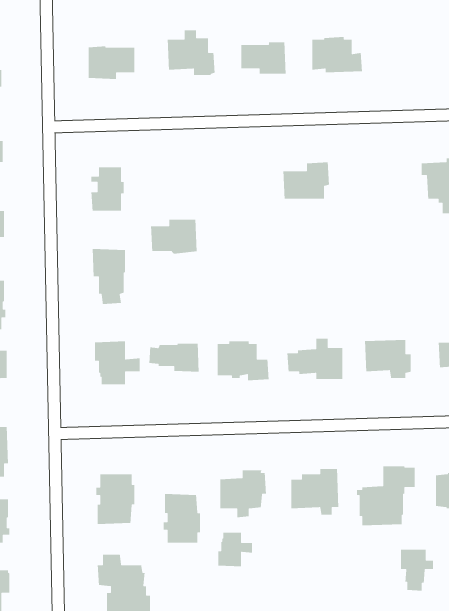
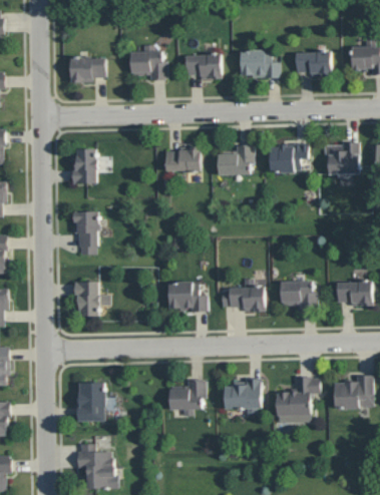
building: none -> [295,51,331,76]
building: none -> [269,143,307,173]
building: [150,219,197,254] -> [164,146,201,173]
building: [148,343,200,373] -> none
building: [163,493,201,544] -> none
building: [218,532,253,567] -> none
building: [400,549,434,592] -> none

